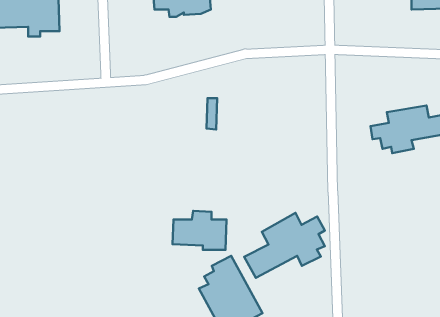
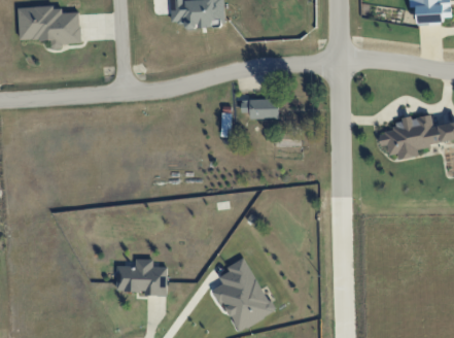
building: none -> [241,99,279,120]
building: [173,211,227,250] -> [115,259,167,296]
building: [244,213,325,278] -> none

